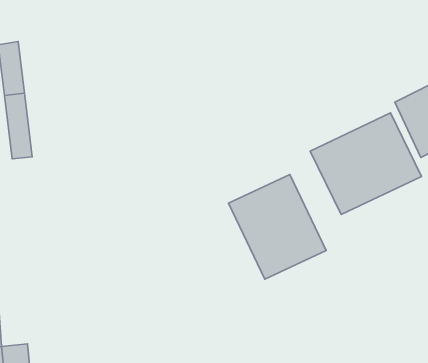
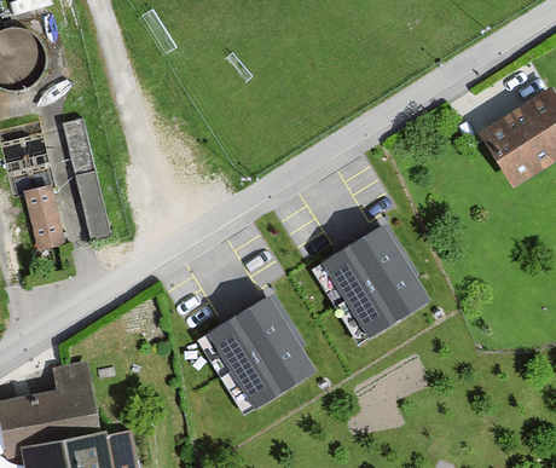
building: [310,113,421,215] -> none
building: none -> [207,295,315,410]

